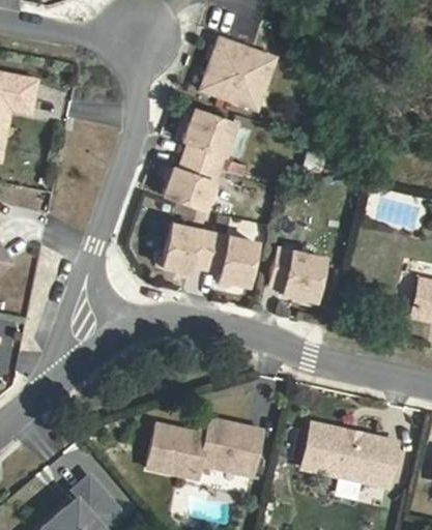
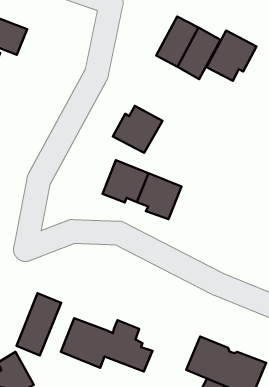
building: none -> [207,30,256,81]
building: [185,110,237,168] -> none
building: [271,247,327,301] -> none
building: none -> [16,293,61,356]

